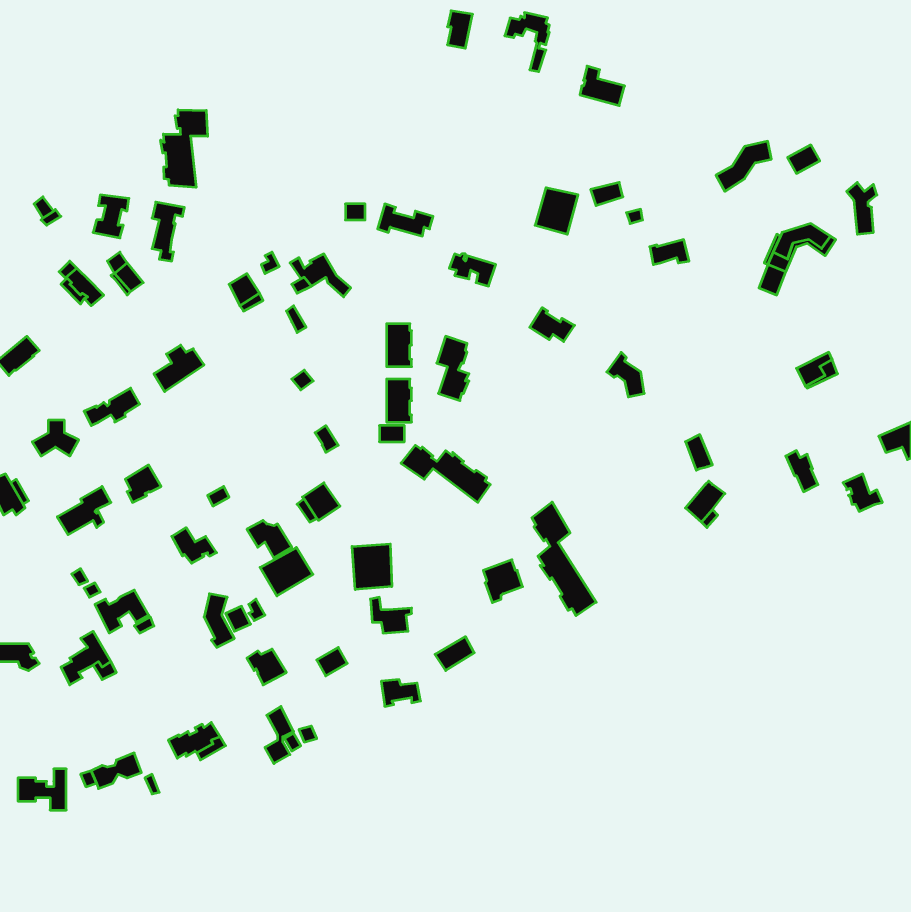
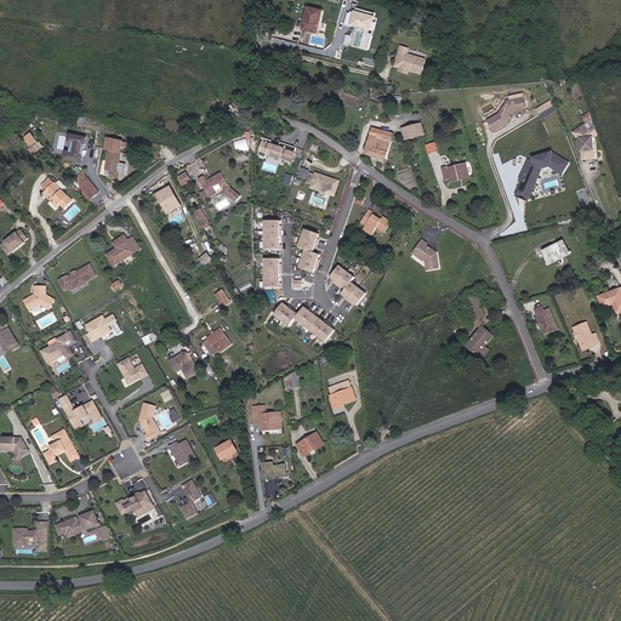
building: [161,110,208,187] -> none
building: none -> [327,264,364,304]
building: [532,502,596,616] -> none
building: [352,544,392,590] -> none
building: [260,547,313,596] -> none

